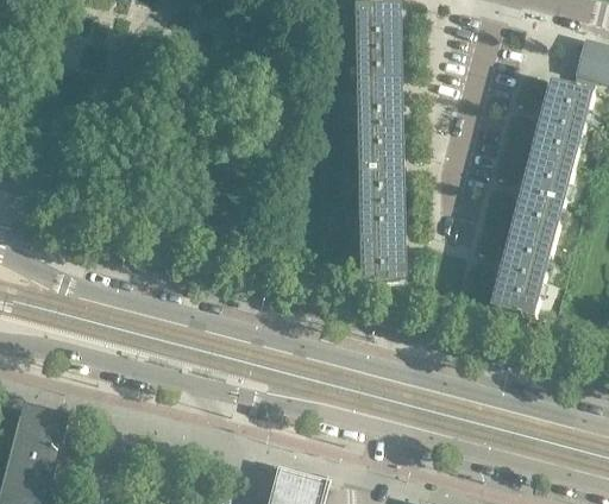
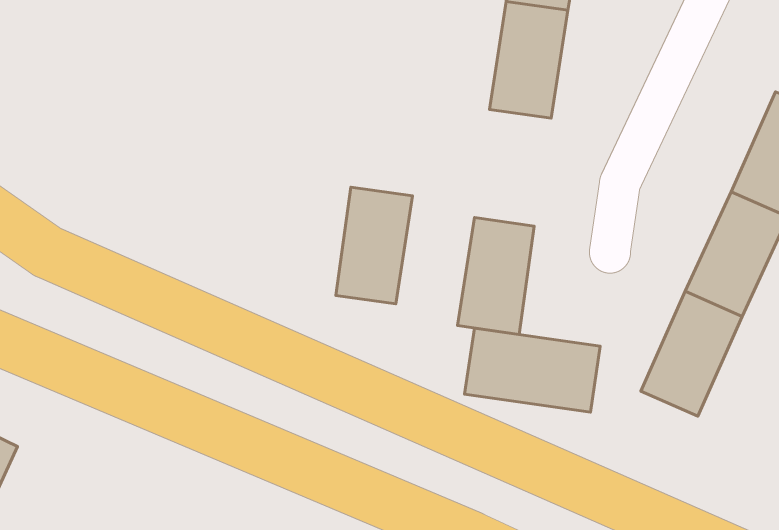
building: [356,127,401,206] -> [336,187,412,304]
building: none -> [465,328,600,412]

